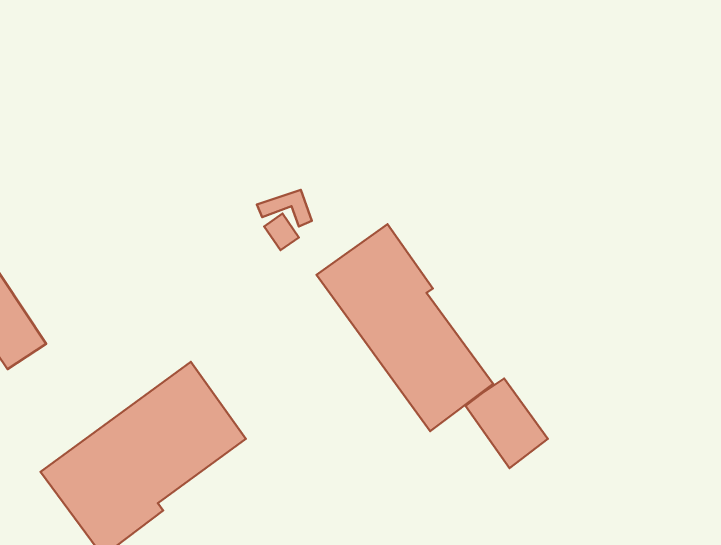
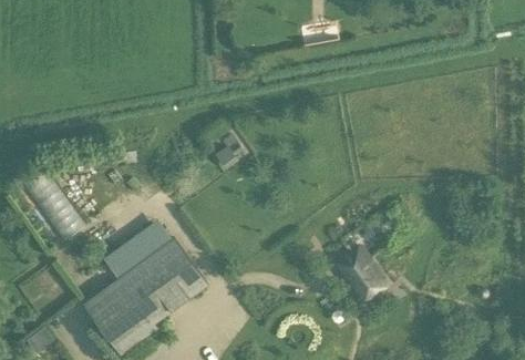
building: [317,224,493,431] -> none

